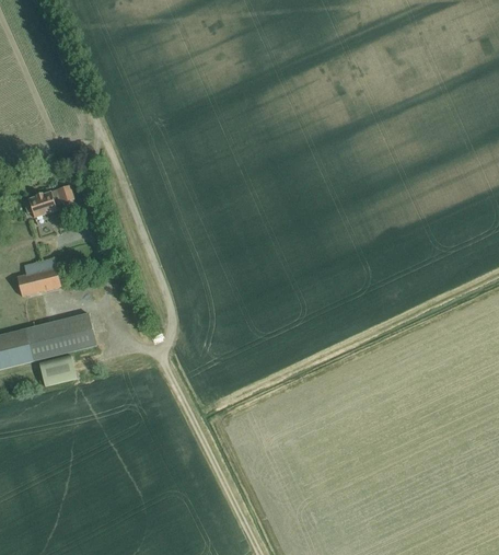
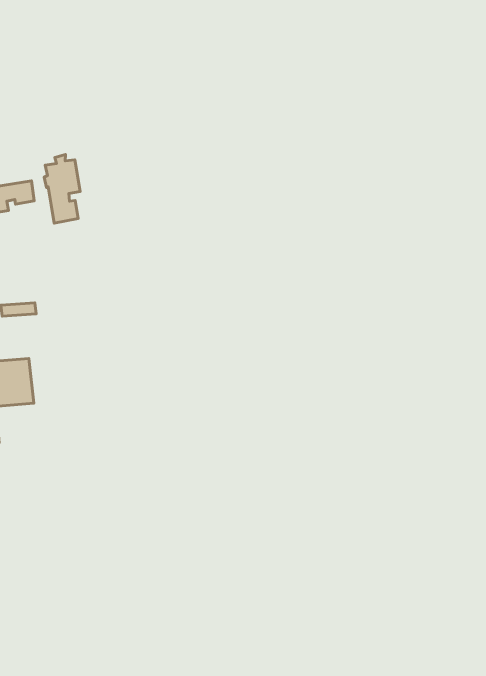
building: none -> [44,154,80,223]

